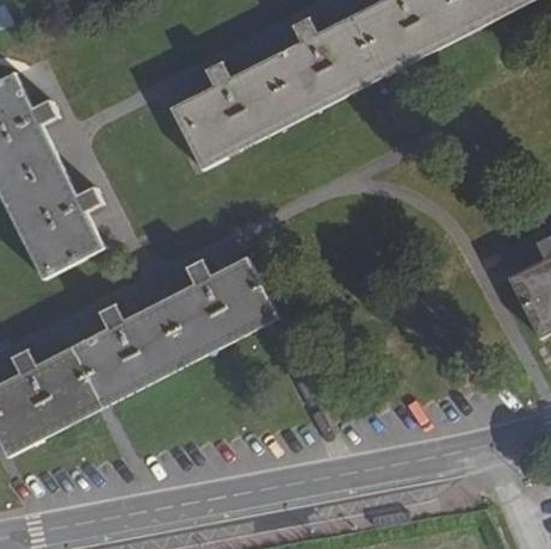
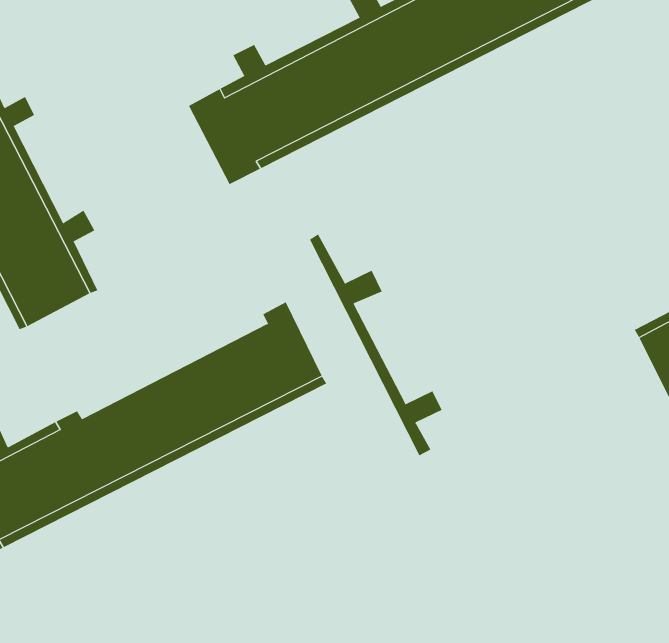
building: none -> [309,233,443,456]
building: [87,258,230,344] -> none

